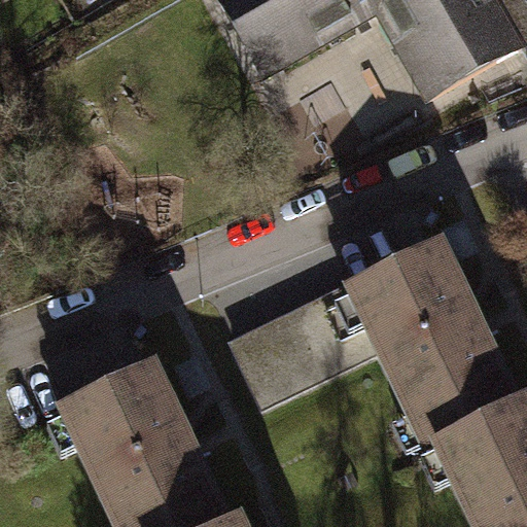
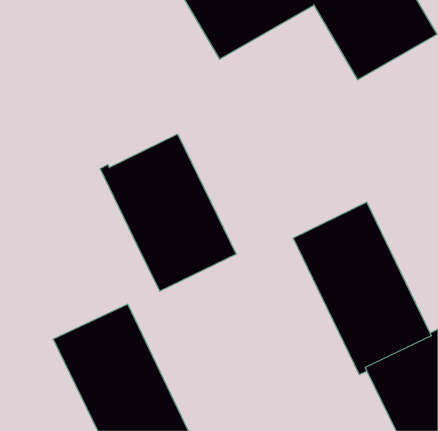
building: none -> [100,134,236,291]
building: [236,286,381,403] -> none

